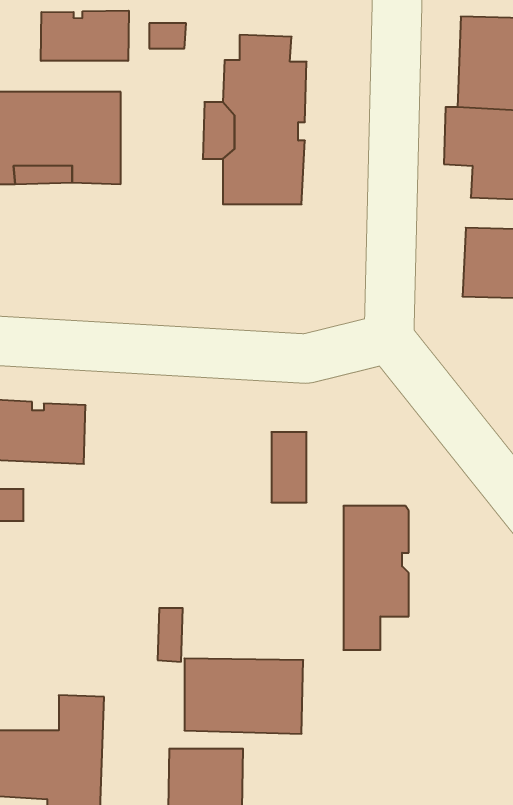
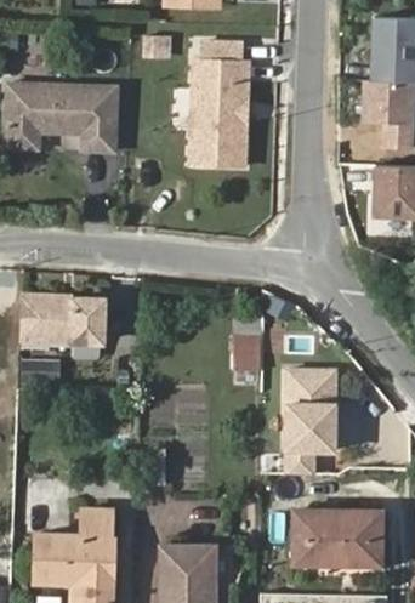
building: [41,11,129,61] -> none
building: [184,658,303,734] -> [294,512,380,567]

